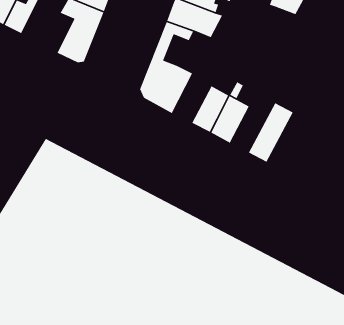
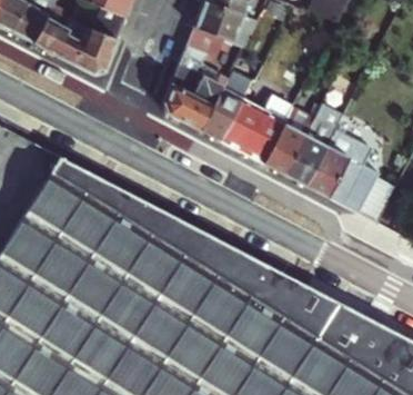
building: none -> [33,17,84,62]
building: none -> [201,68,254,140]
building: none -> [265,106,315,174]
building: none -> [306,128,382,214]

